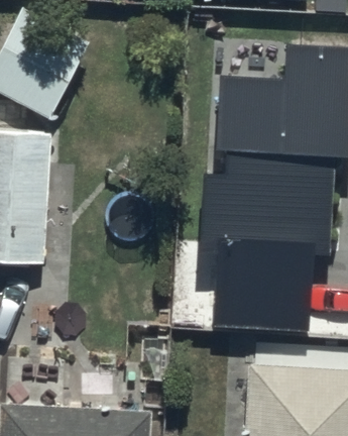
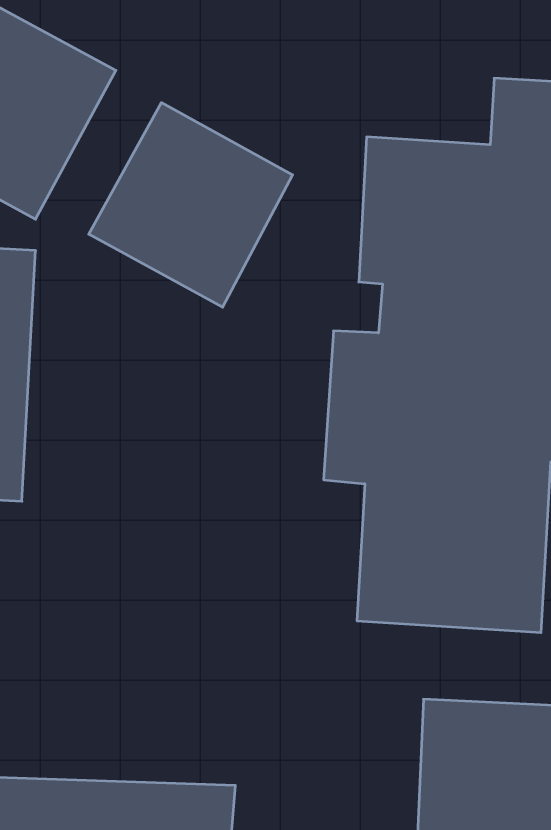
building: none -> [89,103,293,307]

